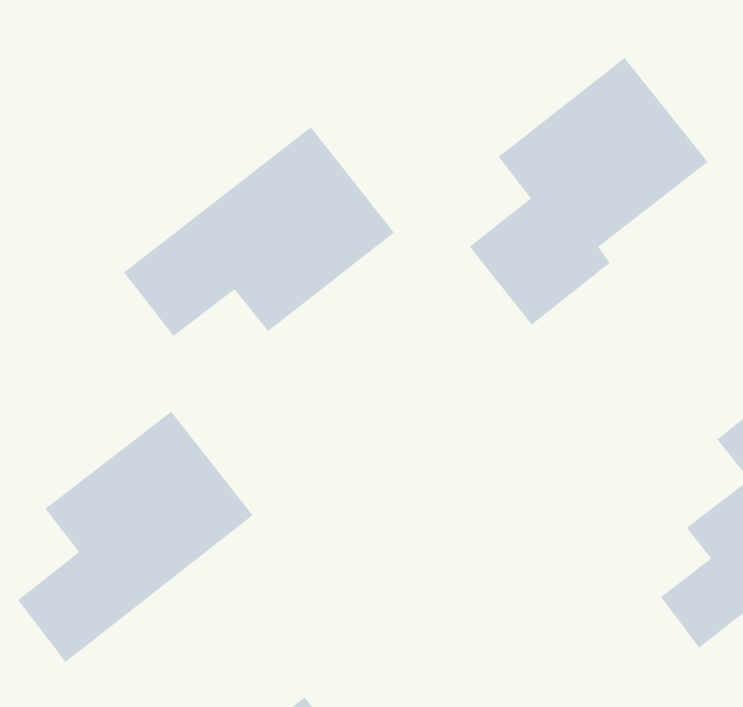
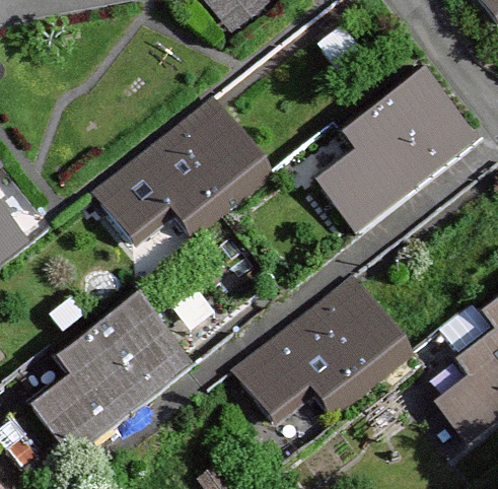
building: none -> [241,285,412,419]

